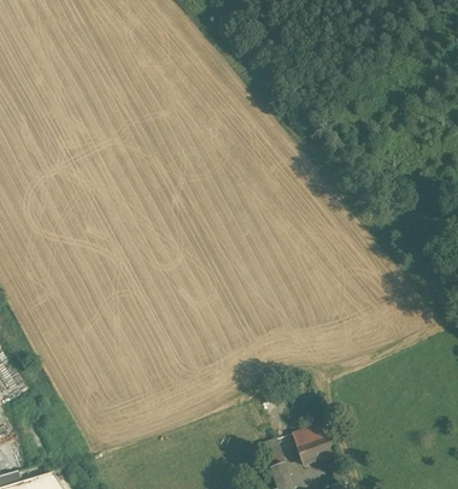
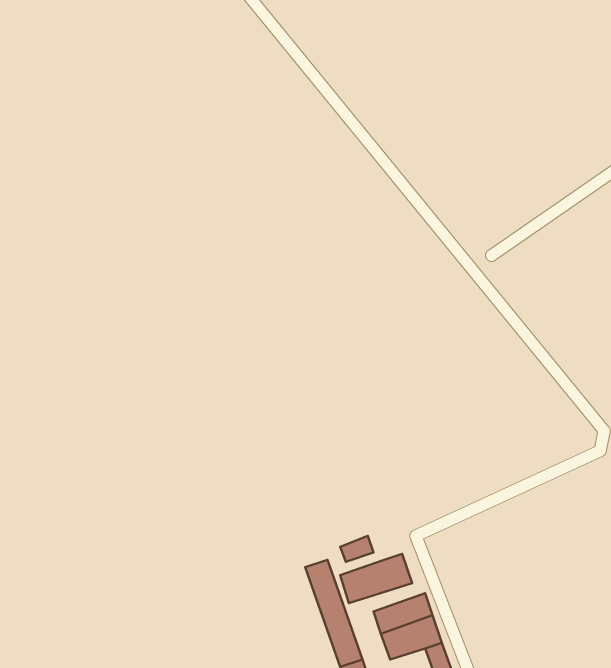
building: none -> [340,554,412,603]

